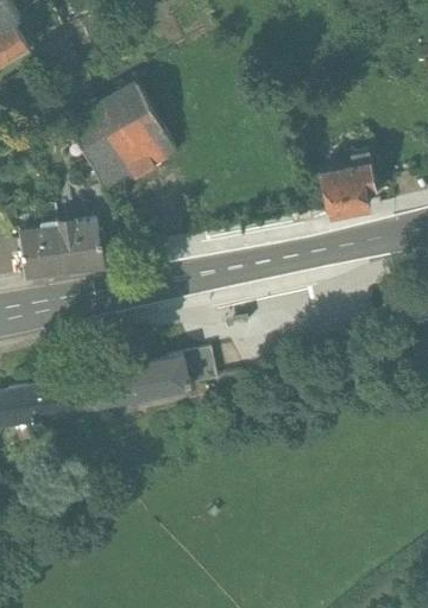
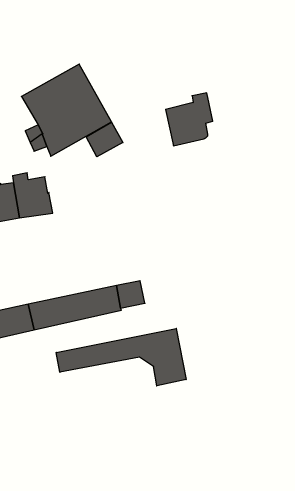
building: [320,151,377,215] -> [166,93,213,146]
building: none -> [86,122,123,157]
building: none -> [56,328,186,386]

